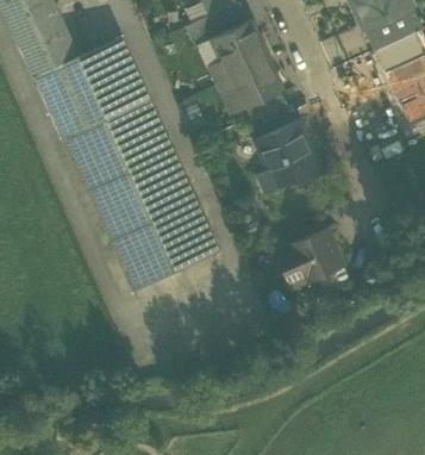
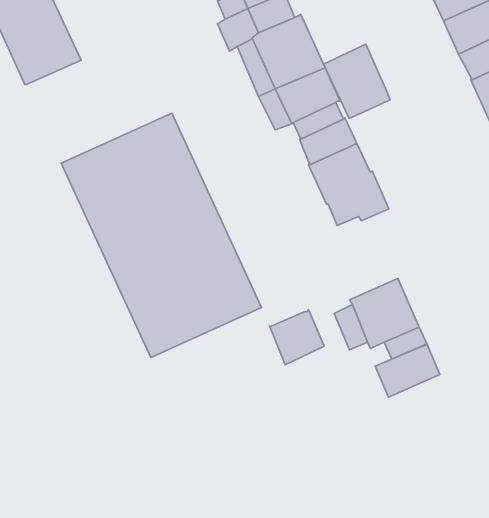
building: [36,37,150,137] -> none
building: none -> [324,44,390,118]
building: none -> [269,310,324,365]
building: none -> [375,344,440,397]

